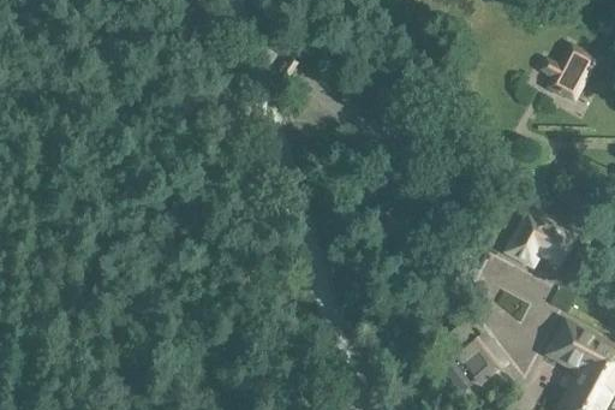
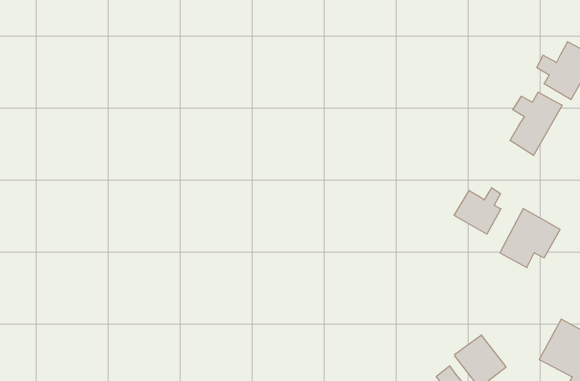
building: none -> [510,92,562,156]
building: none -> [454,188,501,234]

